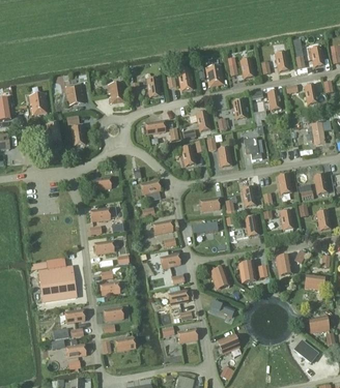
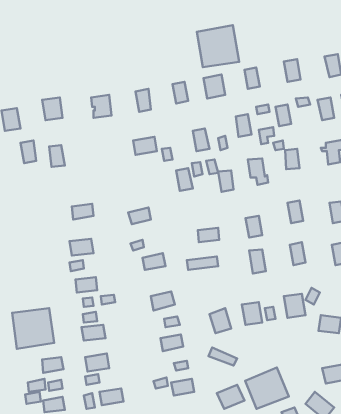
building: none -> [197,25,239,67]
building: none -> [245,367,289,409]

